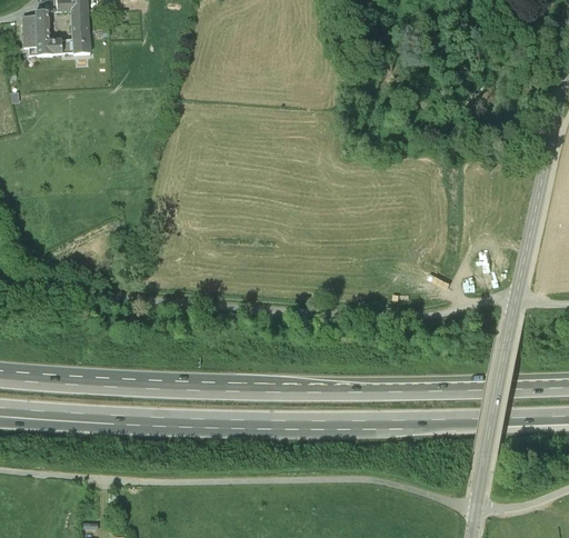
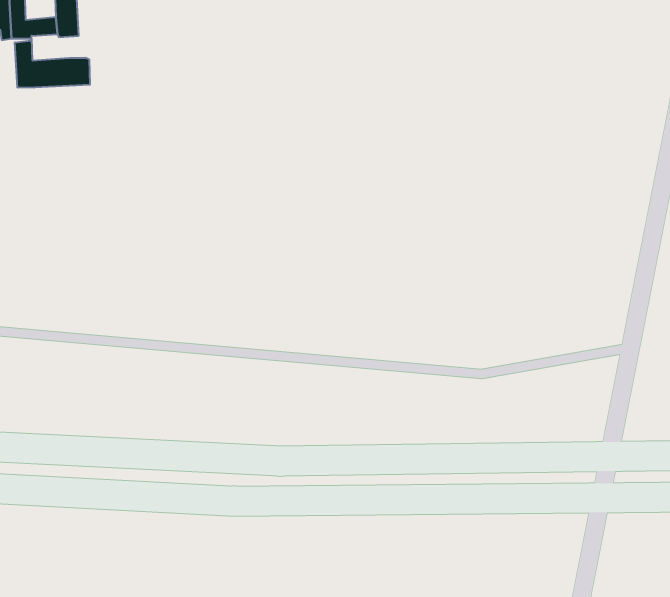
building: none -> [15,39,90,88]

